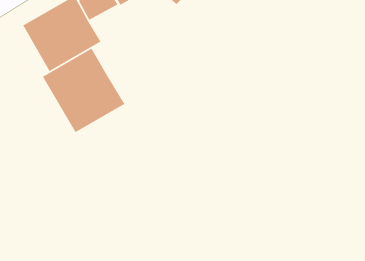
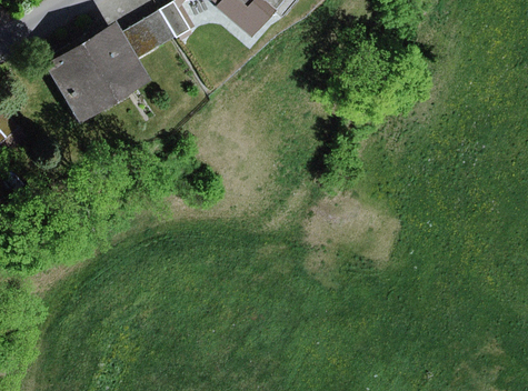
building: [42,47,125,133] -> none

